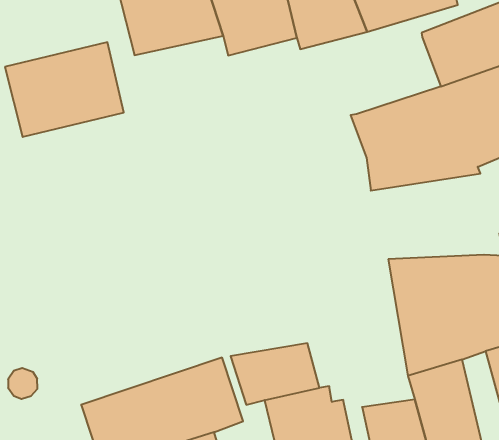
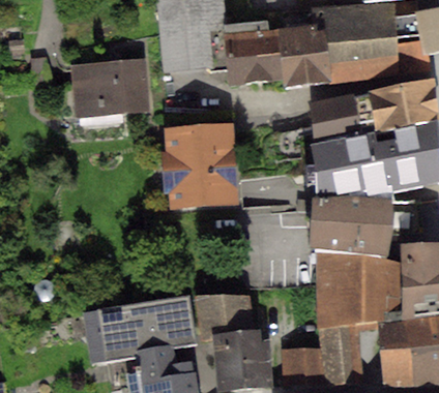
building: none -> [309,94,376,141]
building: none -> [160,124,237,206]
building: none -> [309,196,393,255]

